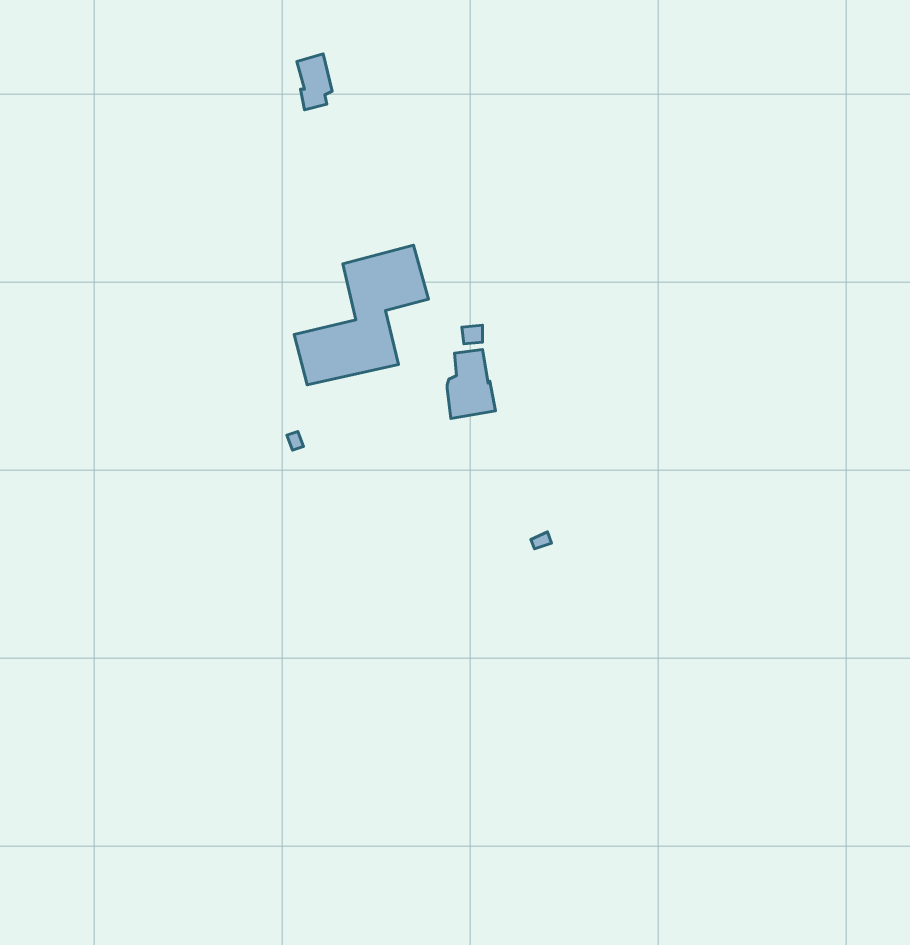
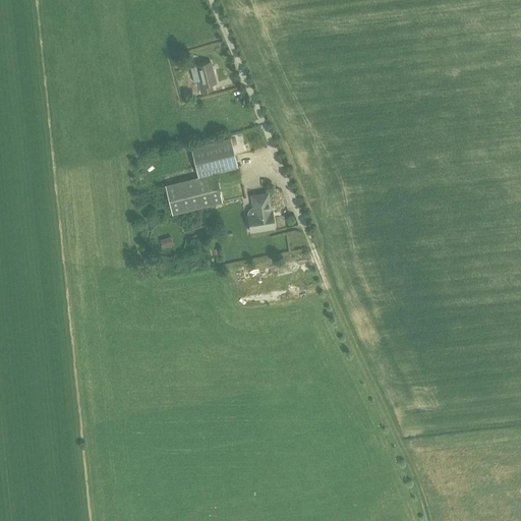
building: [297,54,332,110] -> [195,62,215,93]

